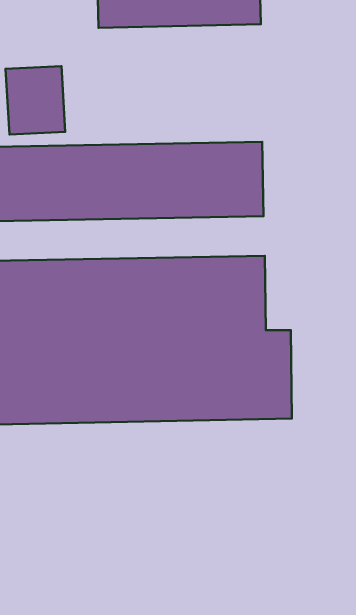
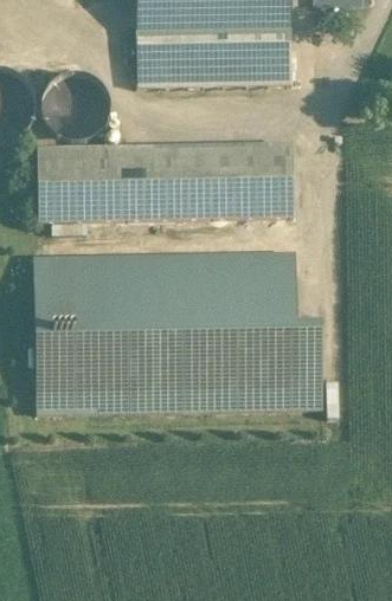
building: none -> [135,31,290,86]

